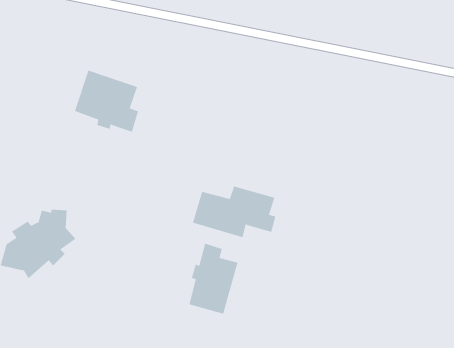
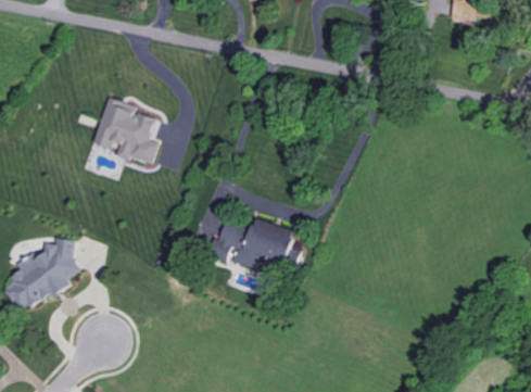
building: [189,243,238,315] -> none

